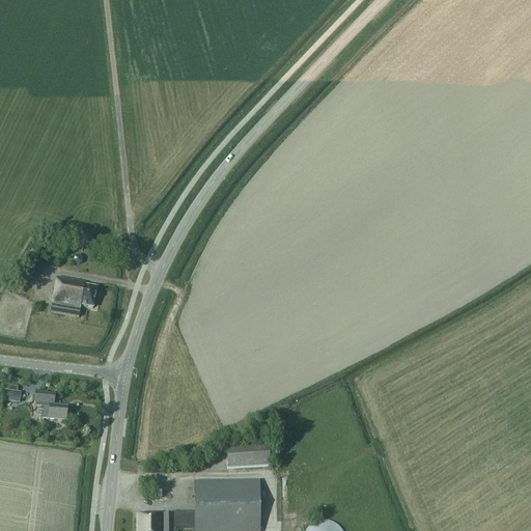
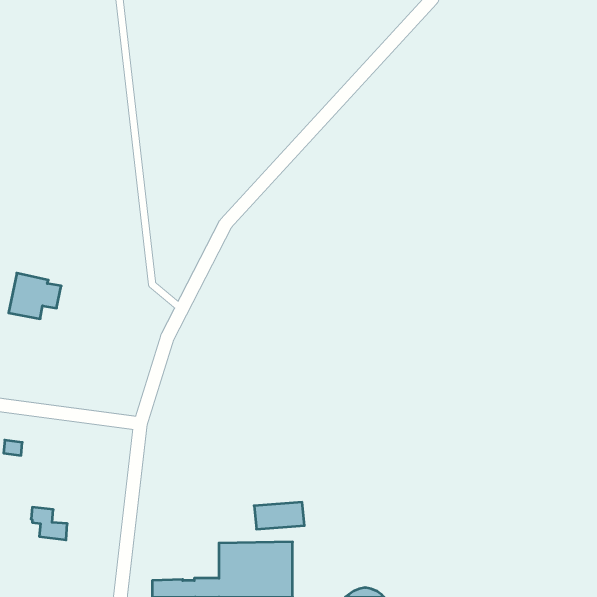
building: [51,277,97,317] -> [9,273,61,319]
building: [35,392,67,421] -> [31,507,67,540]

